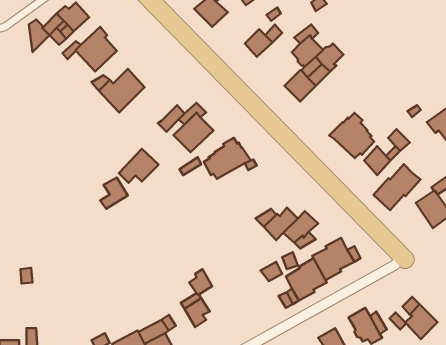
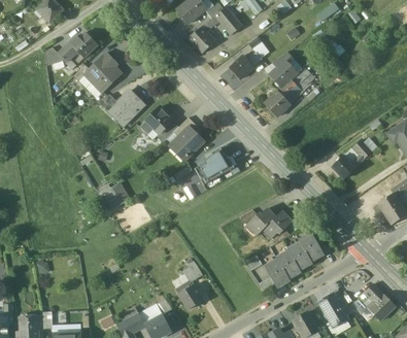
building: [329,113,374,158] -> none
building: [119,149,159,183] -> [139,105,173,134]
building: [373,164,421,210] -> none

